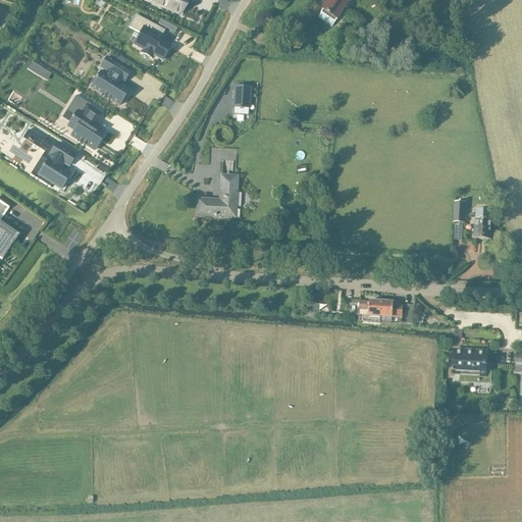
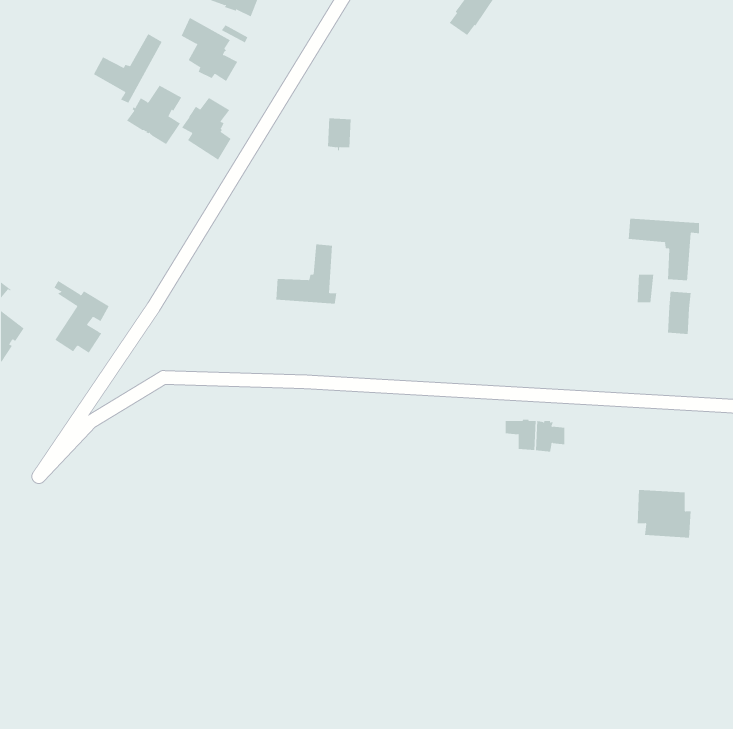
building: none -> [93,33,163,103]
building: [69,105,105,150] -> [181,97,232,160]
building: [35,135,74,187] -> [53,280,109,353]
building: none -> [628,218,700,281]

